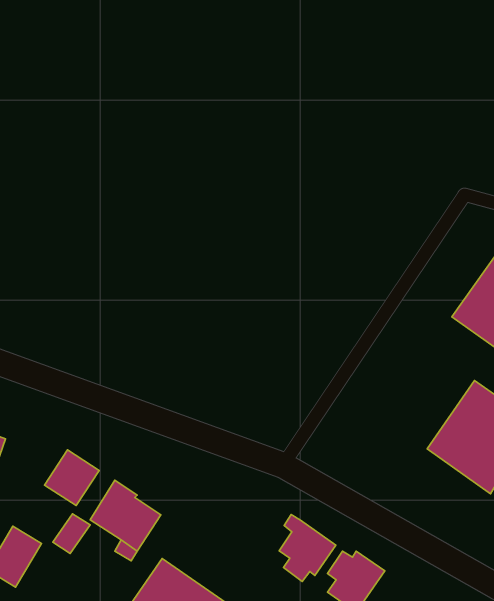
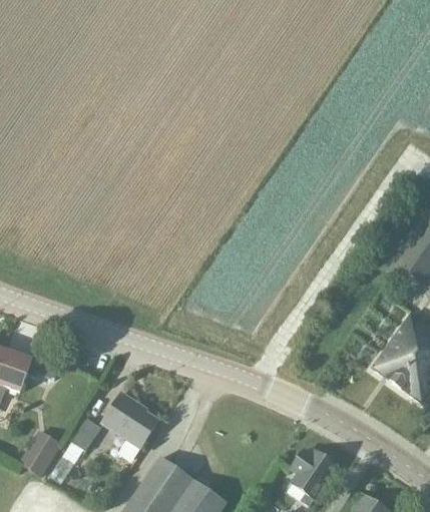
building: [44,450,99,506] -> none
building: [279,515,336,581] -> none

